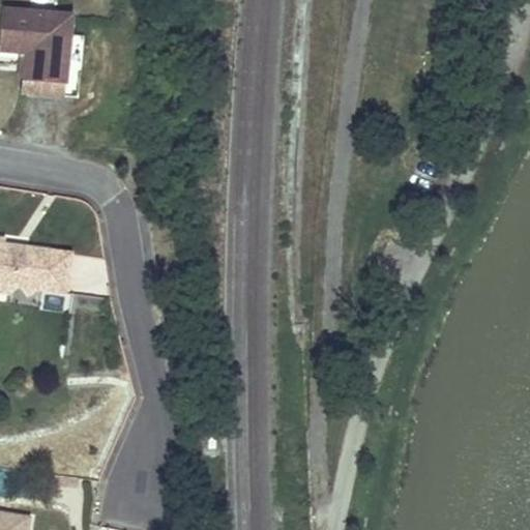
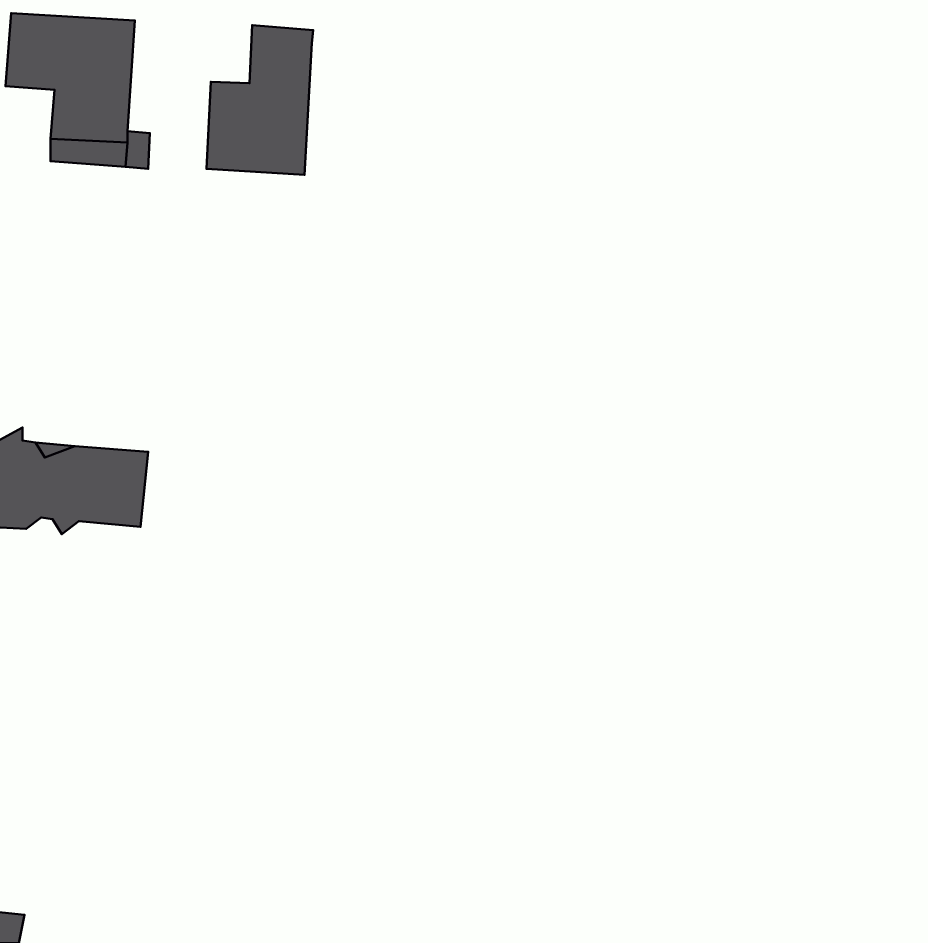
building: none -> [206,25,313,175]

